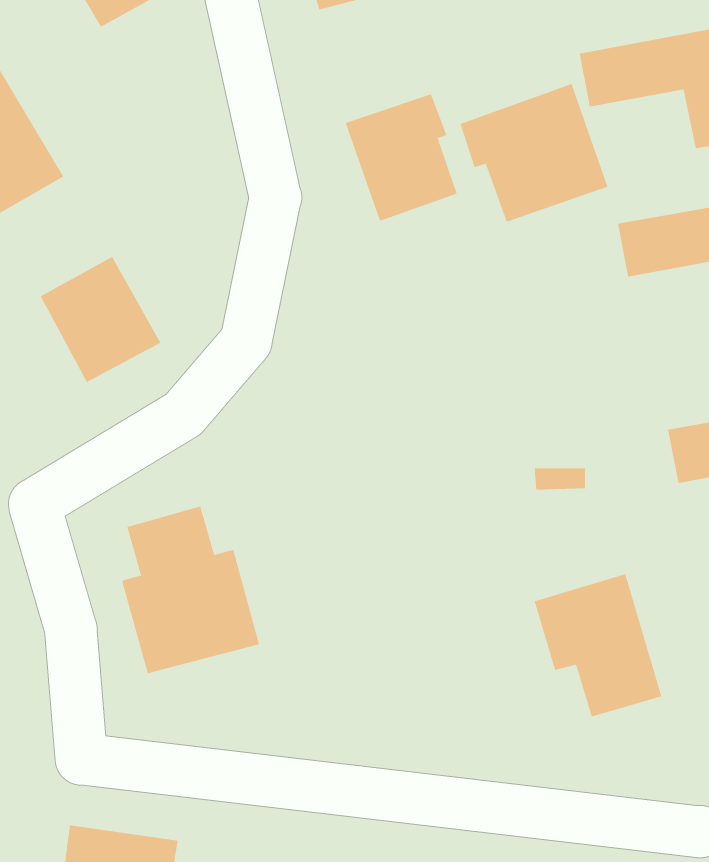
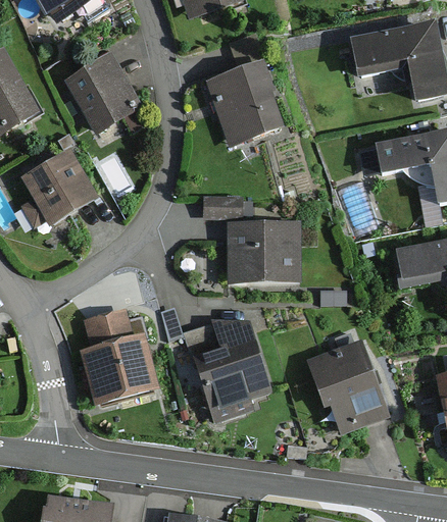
building: [460,83,608,222] -> none
building: none -> [69,59,142,136]
building: none -> [224,220,297,281]
building: none -> [181,305,269,421]

